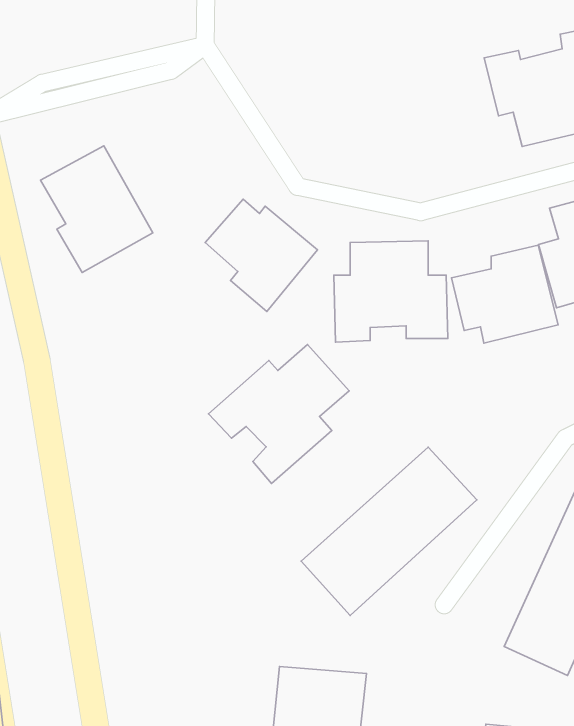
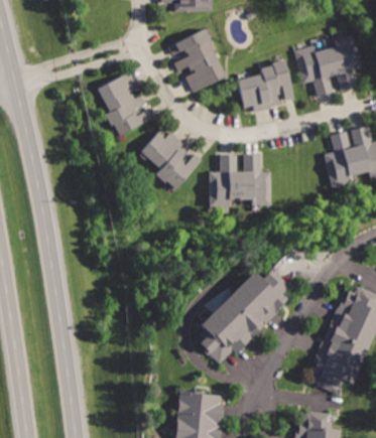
building: none -> [163,28,227,94]
building: [40,146,153,273] -> [94,68,156,139]
building: [451,245,558,343] -> [235,60,294,115]
building: [208,345,349,484] -> none

